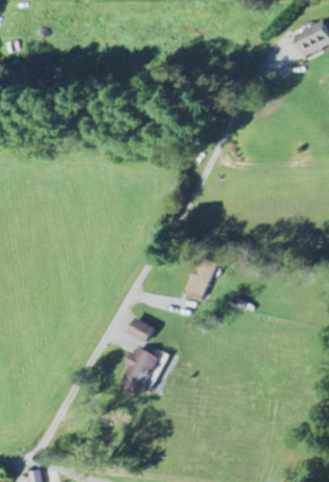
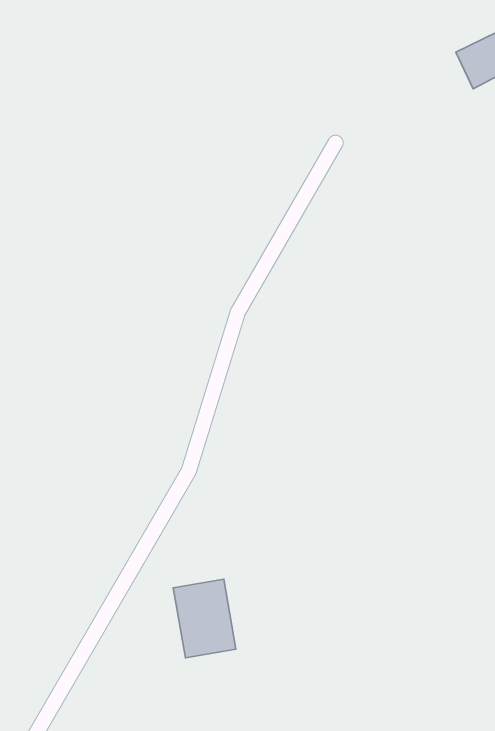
building: [184,257,214,300] -> none
building: [128,318,156,343] -> none

